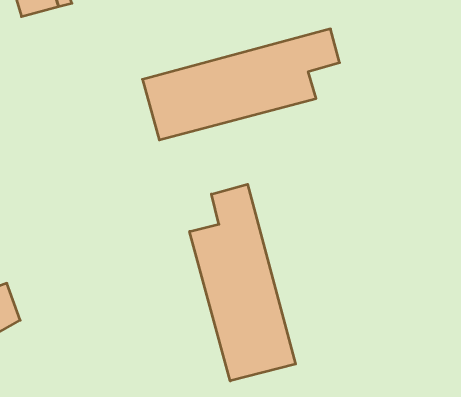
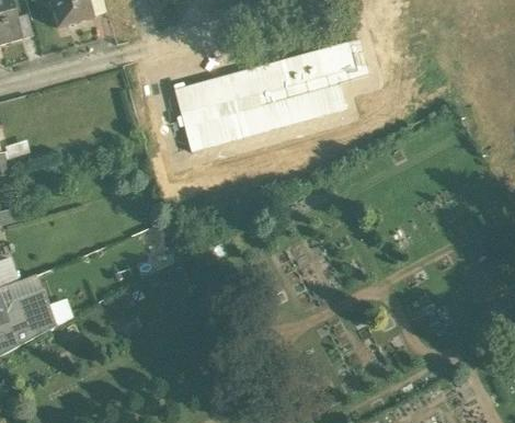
building: [190,184,296,381] -> none

